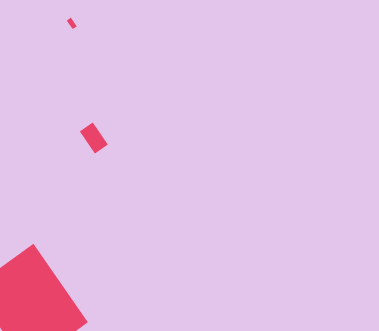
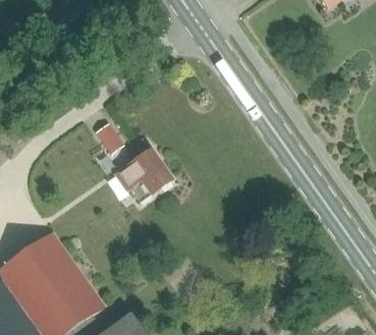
building: none -> [117,136,170,199]

